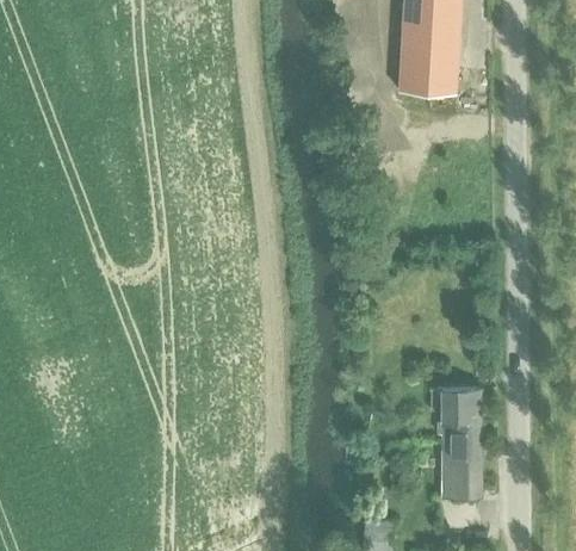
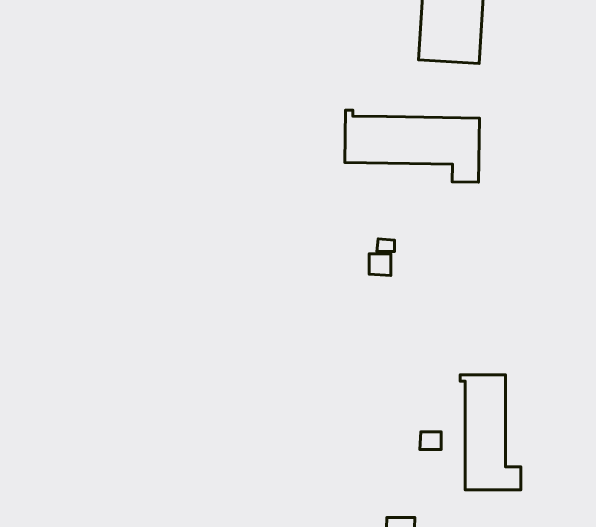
building: none -> [345,110,480,182]

